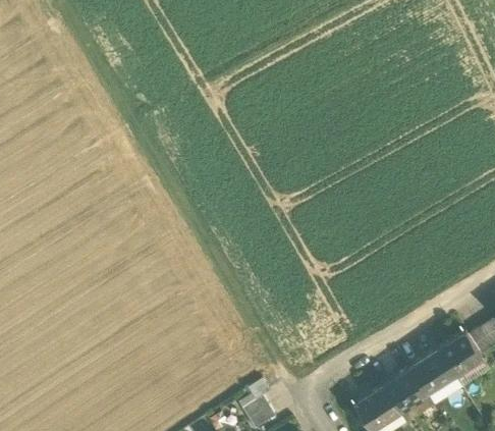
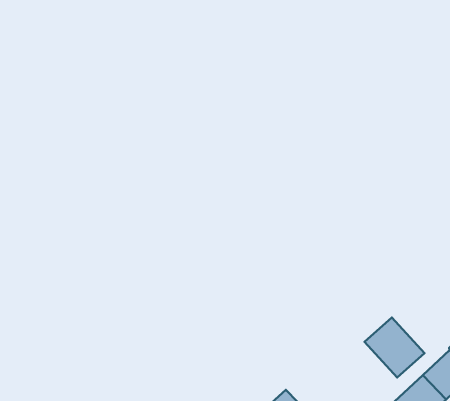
building: none -> [365,318,425,377]

